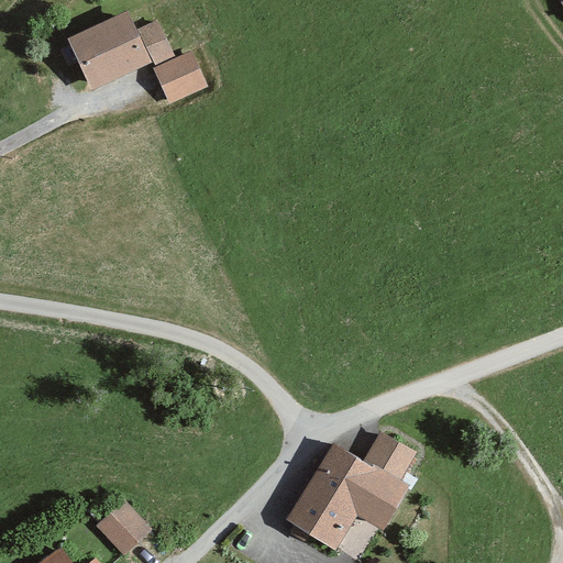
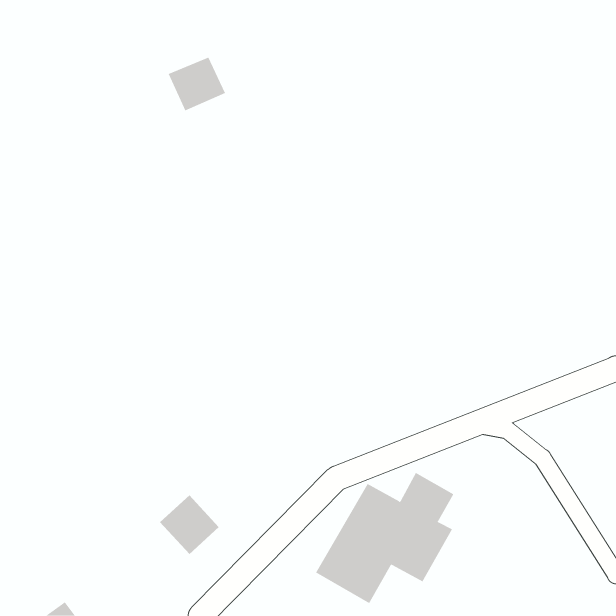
building: [71,13,168,86] -> none
building: [95,499,150,554] -> [159,494,220,555]

